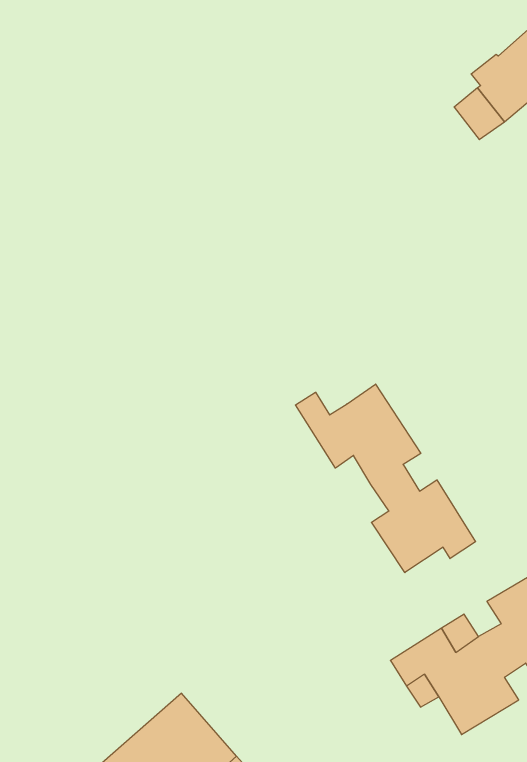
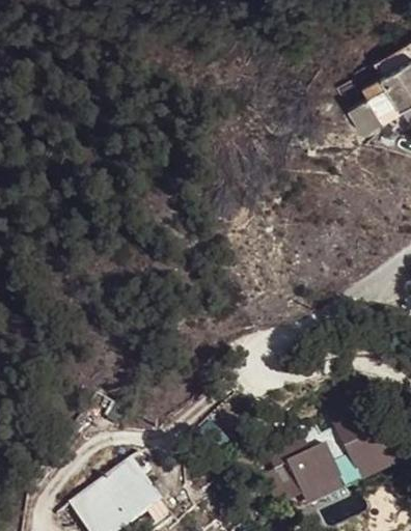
building: [295,384,476,573] -> none

